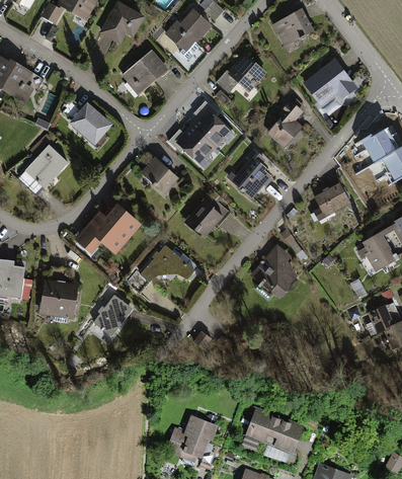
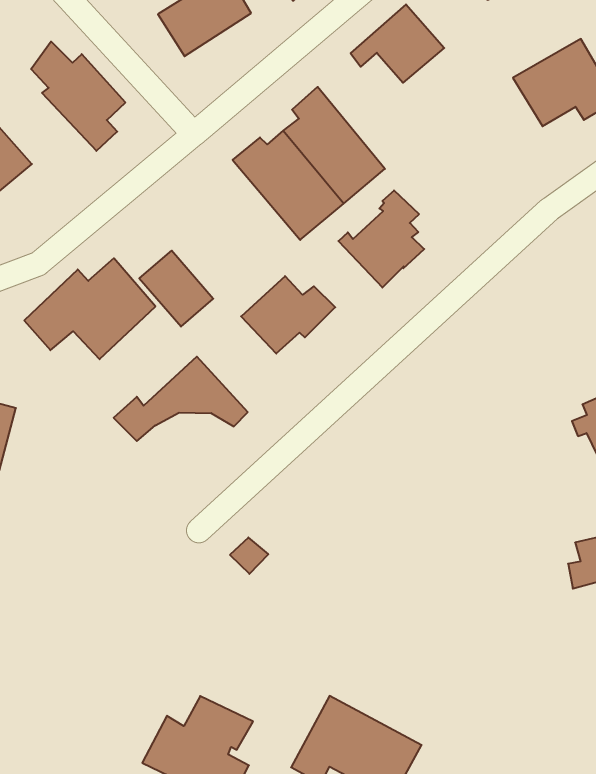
building: [266,99,303,148] -> none
building: [141,156,179,193] -> [139,251,213,327]
building: [314,182,351,221] -> none
building: [251,243,297,298] -> none
building: [94,295,132,335] -> none

